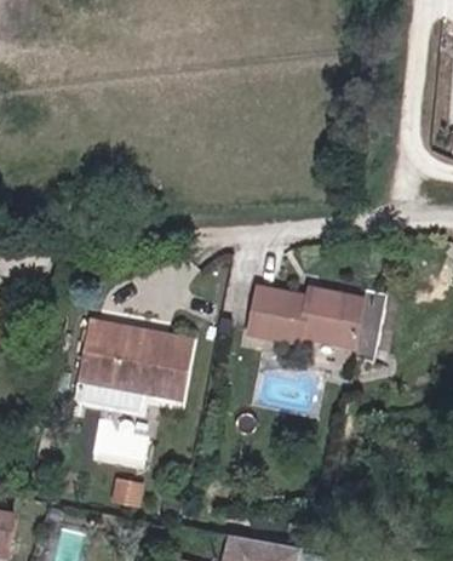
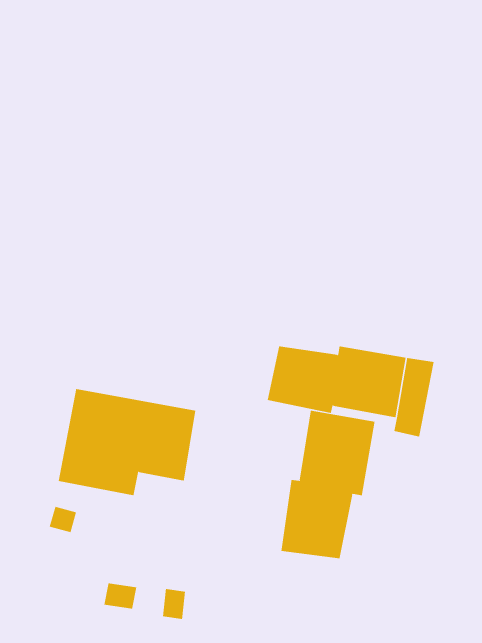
building: none -> [281,410,375,559]

